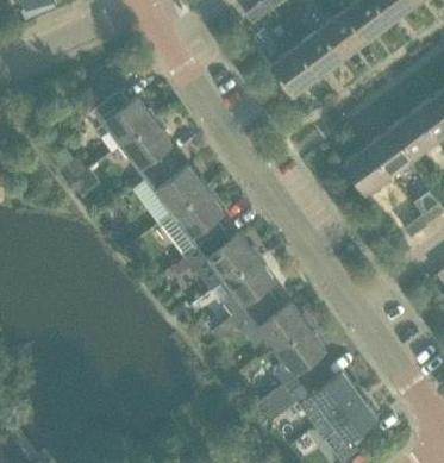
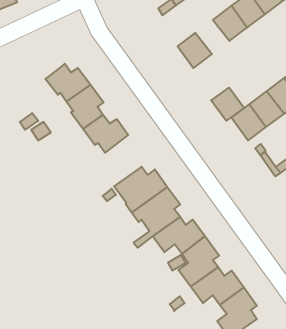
building: [294,30,340,76] -> none
building: none -> [211,88,244,121]
building: [158,186,223,255] -> none

